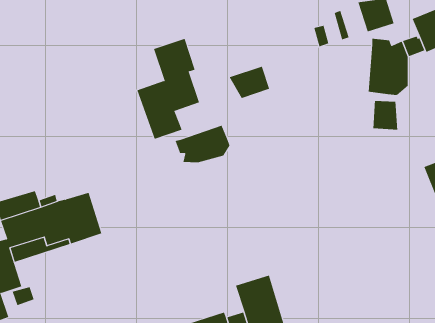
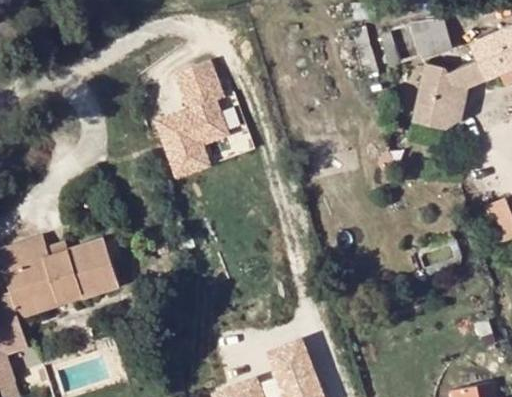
building: [229,66,270,99] -> none
building: [373,100,398,130] -> none
building: [175,125,230,163] -> none

